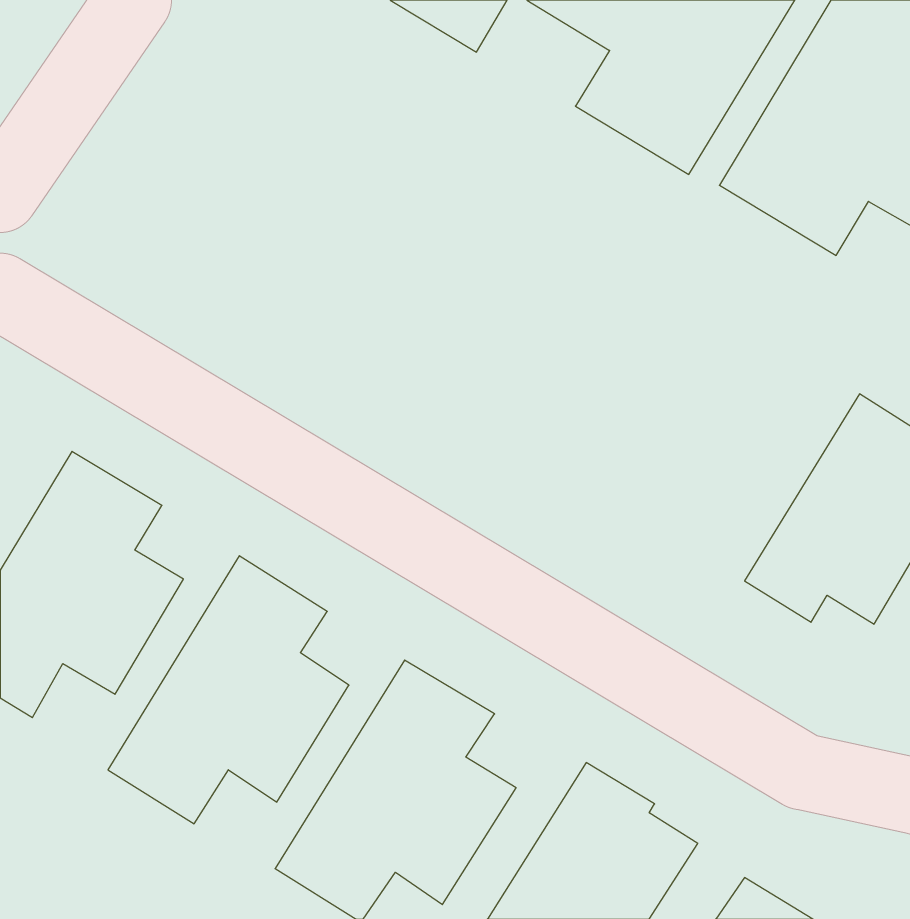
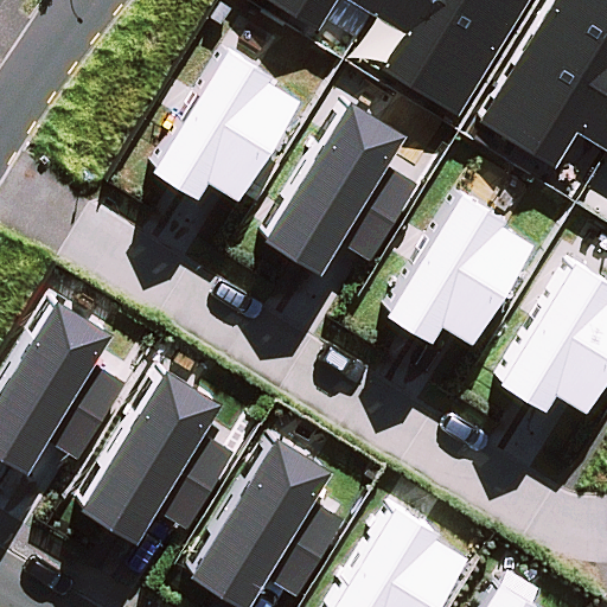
building: none -> [148,47,298,200]
building: none -> [261,102,421,275]
building: none -> [383,192,531,344]

